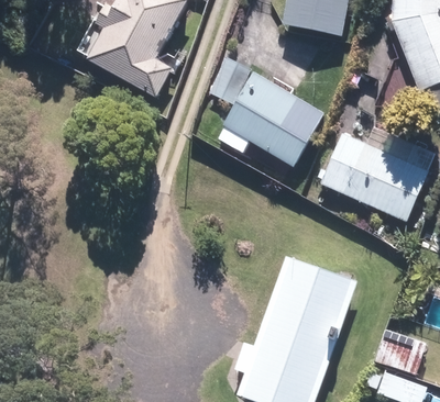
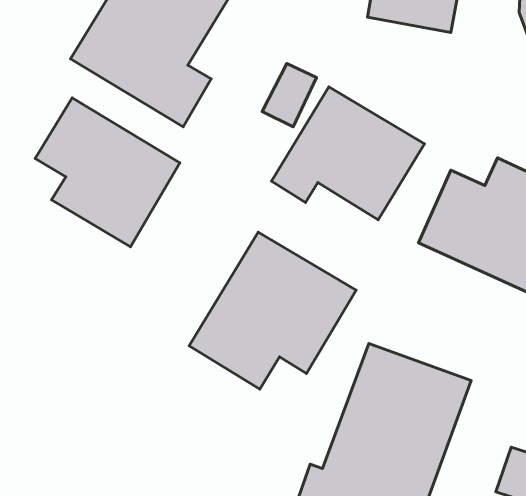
building: none -> [35,98,180,247]
building: none -> [189,232,356,389]

